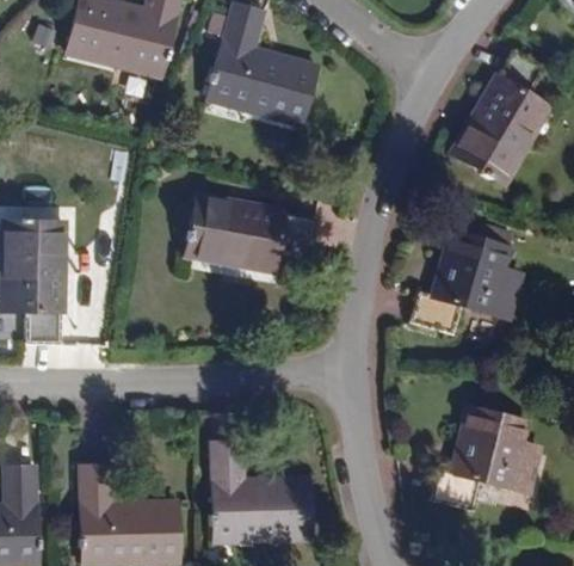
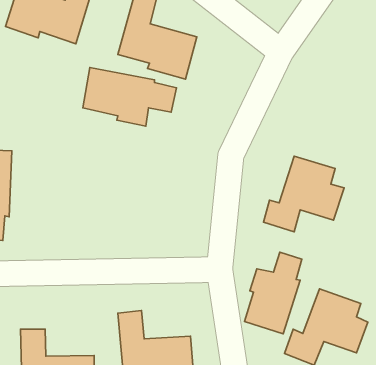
building: [449,53,550,183] -> none
building: [189,195,316,275] -> [83,68,177,126]
building: none -> [245,252,302,334]

